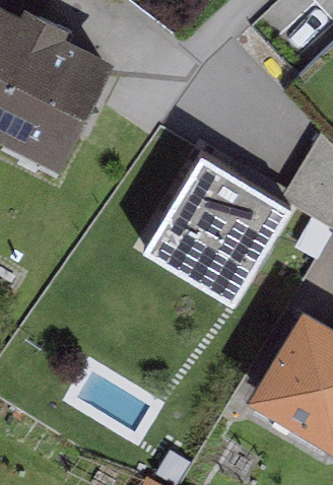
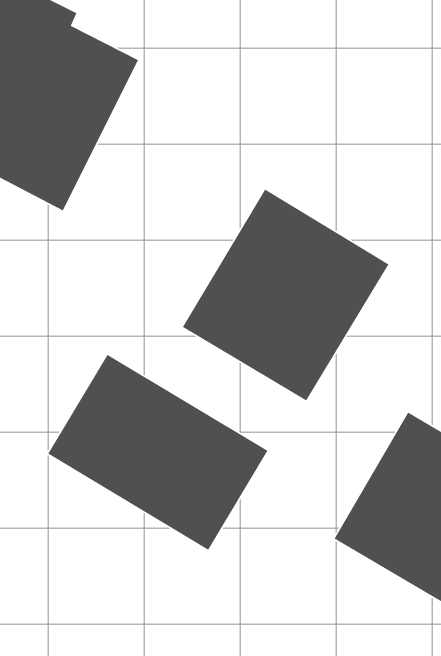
building: none -> [47,354,268,551]

